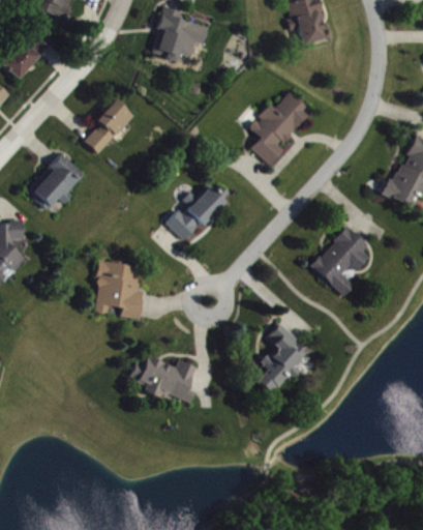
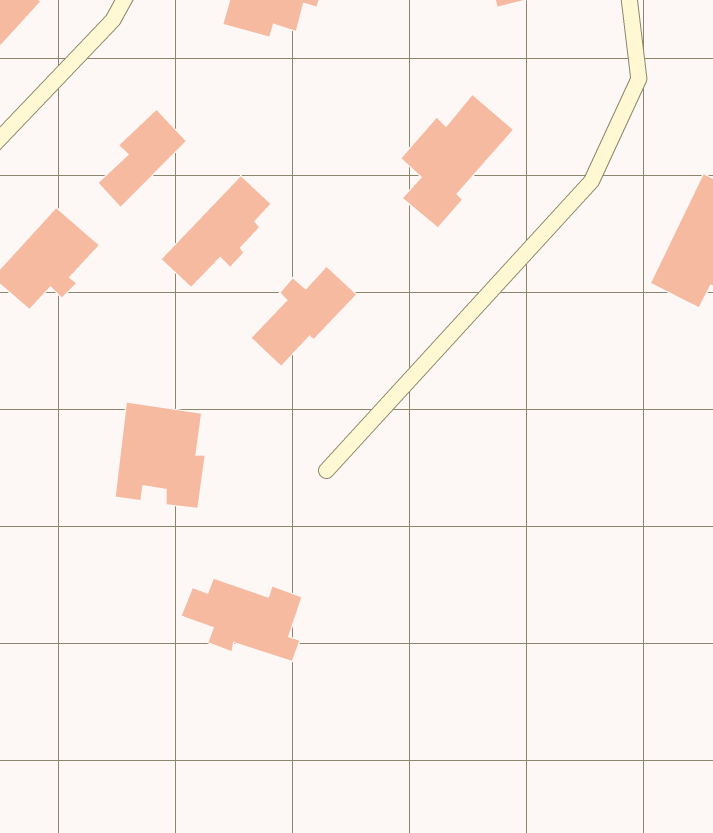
building: none -> [161,176,271,287]
building: [311,226,368,294] -> none
building: [255,324,309,394] -> none

